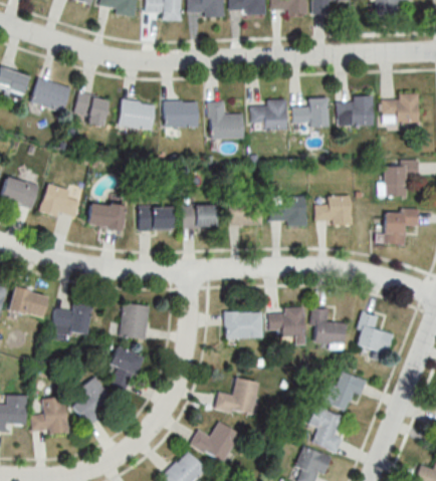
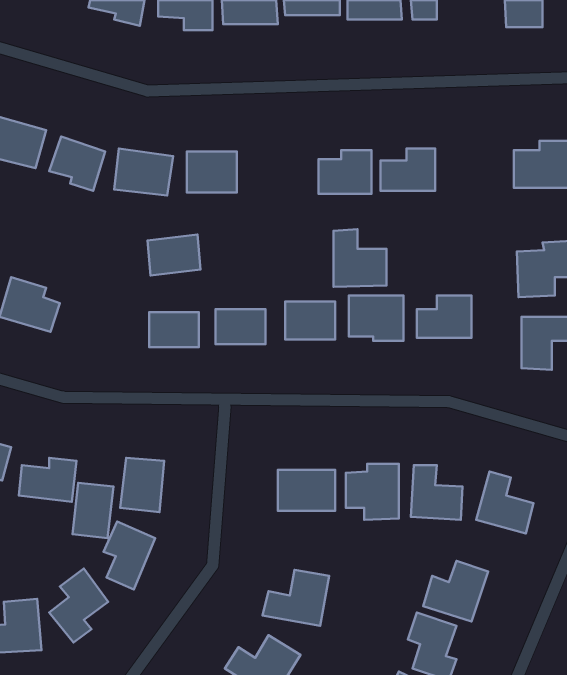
building: [338,97,373,127] -> none
building: [208,100,243,139] -> [333,229,386,287]
building: [88,203,124,230] -> [147,235,200,275]
building: none -> [73,483,113,538]

